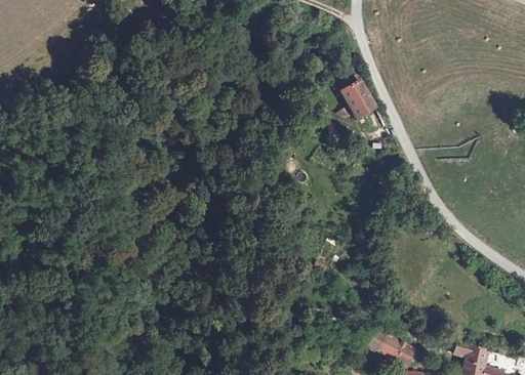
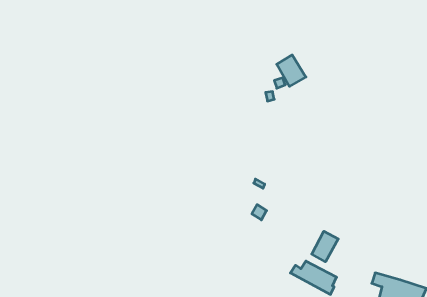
building: none -> [312,231,338,262]

